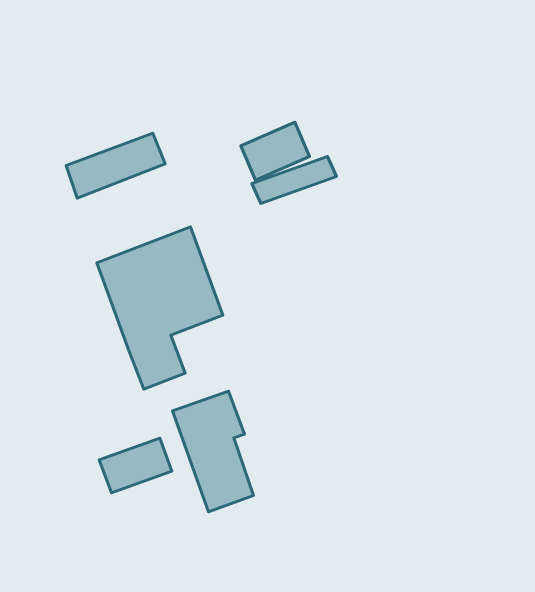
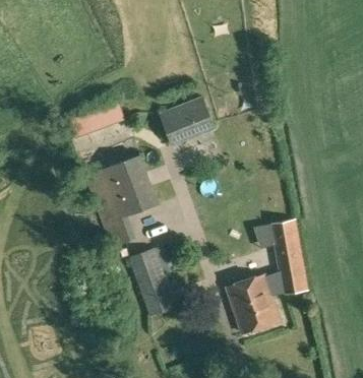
building: none -> [227,218,308,332]
building: [99,438,172,493] -> none

